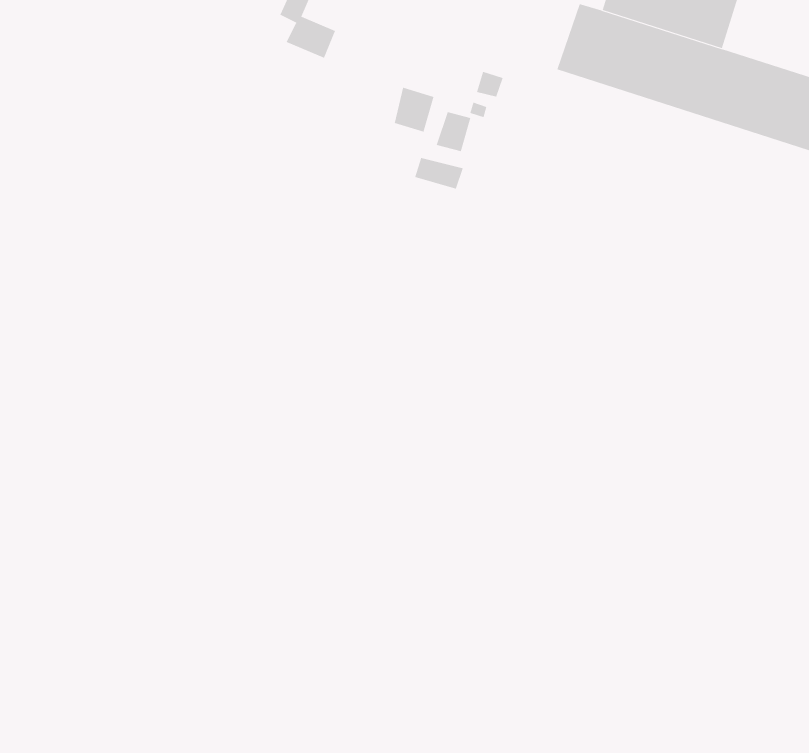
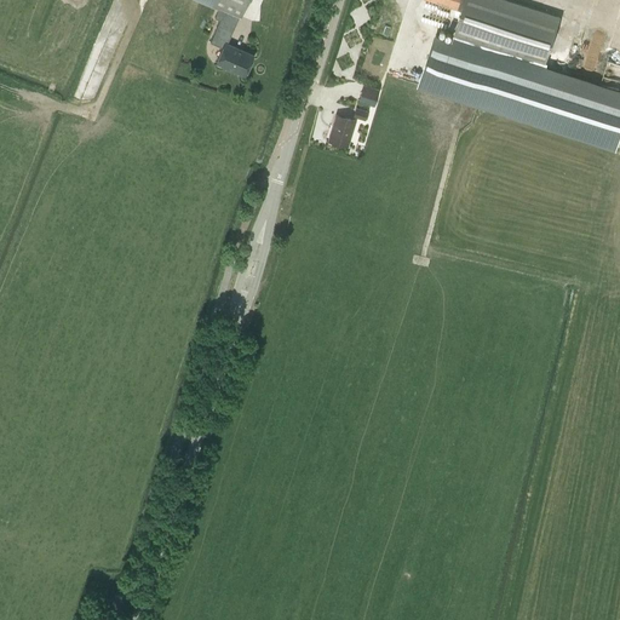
building: [394,87,434,133] -> none
building: [414,157,463,189] -> none

